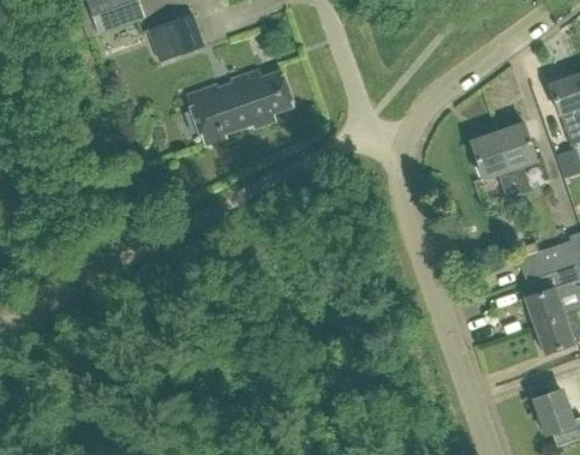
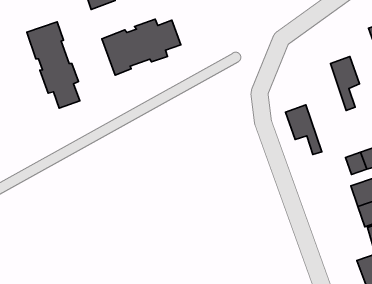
building: none -> [27,22,80,108]
building: [468,131,518,198] -> [285,105,322,155]

